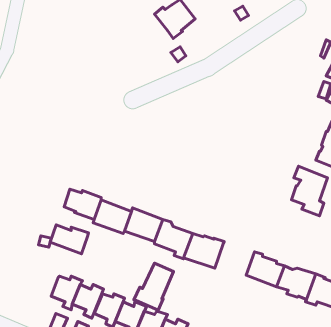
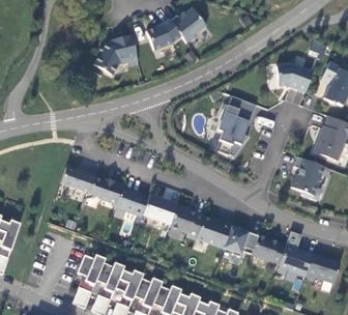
building: none -> [146,19,181,50]
building: none -> [94,34,139,75]
building: none -> [277,64,313,93]
building: none -> [218,95,257,157]
building: [50,225,89,254] -> [61,167,95,193]
building: none -> [224,226,259,256]
building: [134,263,174,310] -> none

